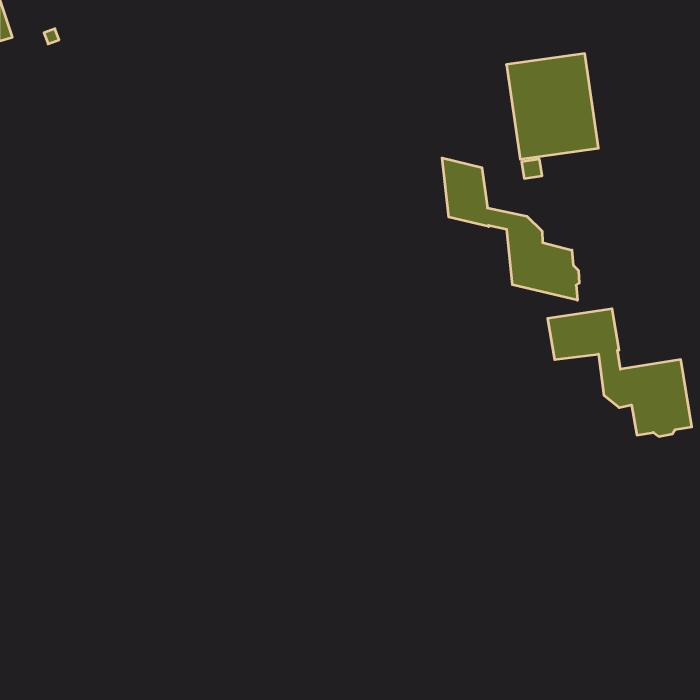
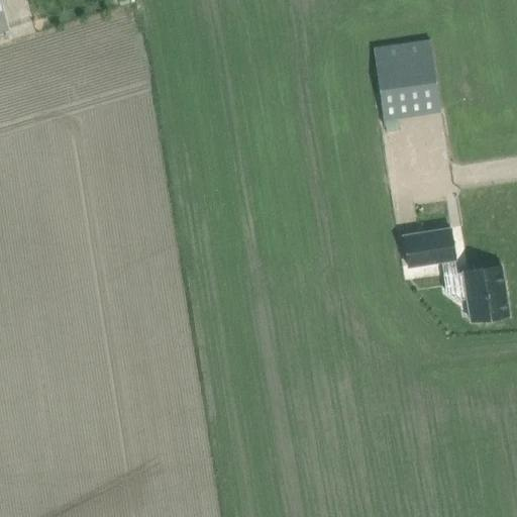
building: [442,158,579,300] -> none

